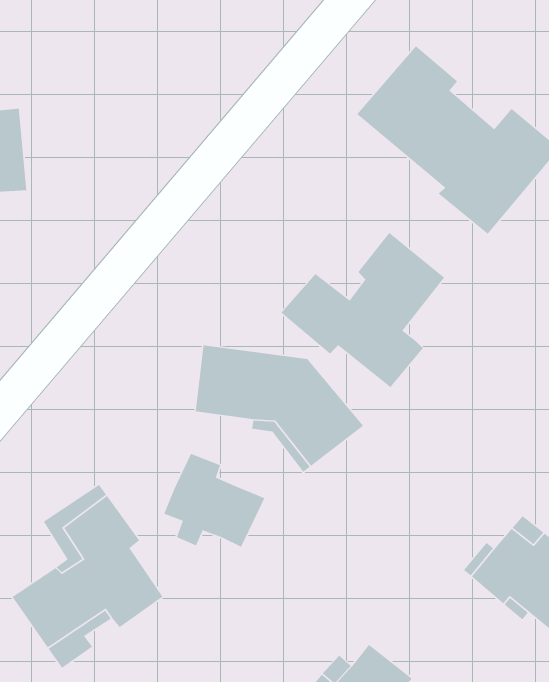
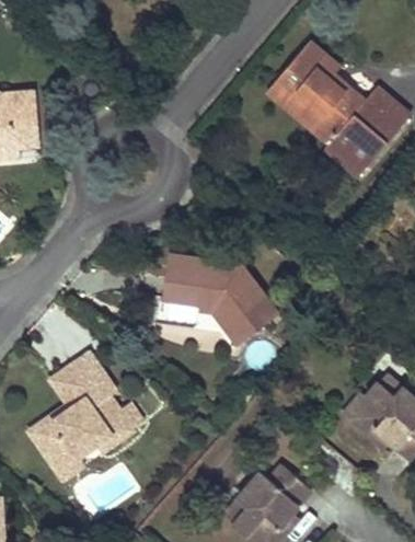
building: [281,232,445,388] -> none
building: [163,453,265,548] -> none

